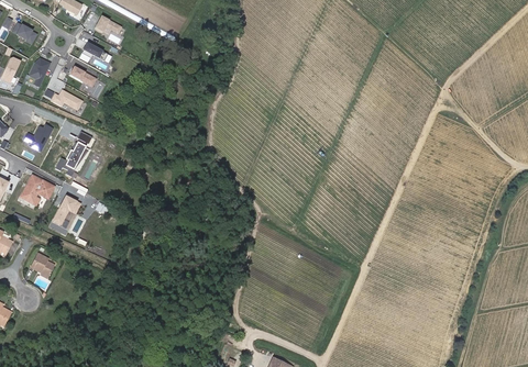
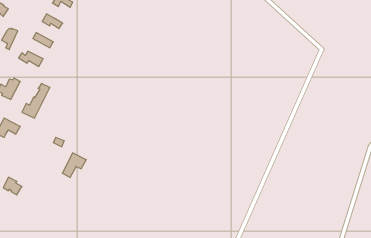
building: [51,194,81,226] -> [62,153,86,177]

